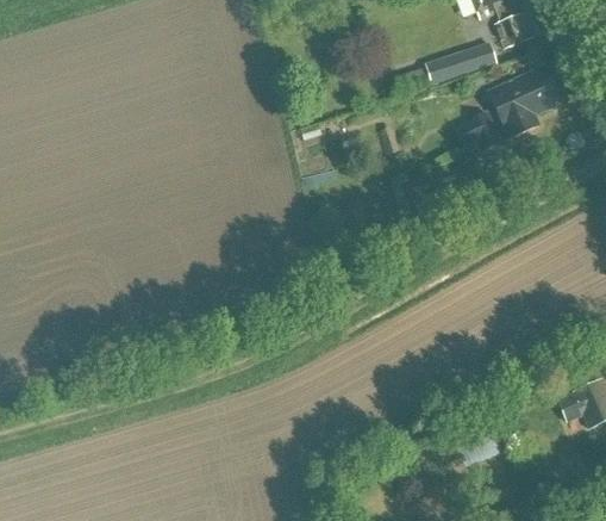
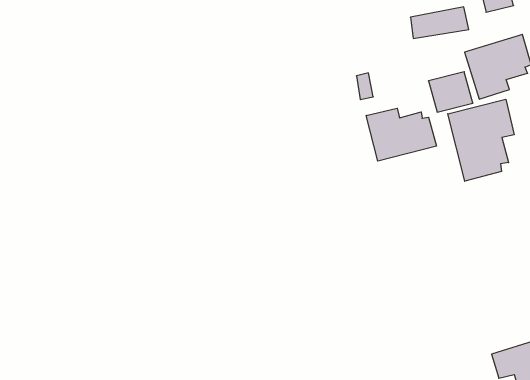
building: none -> [448,99,514,181]
building: none -> [366,108,436,161]

